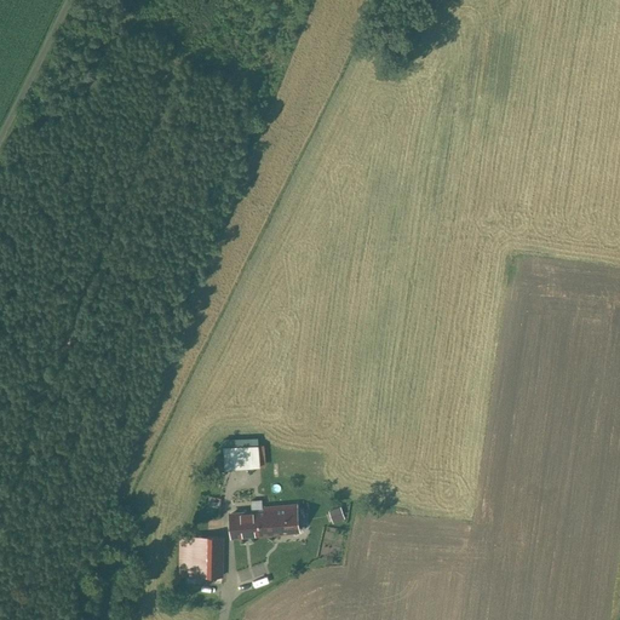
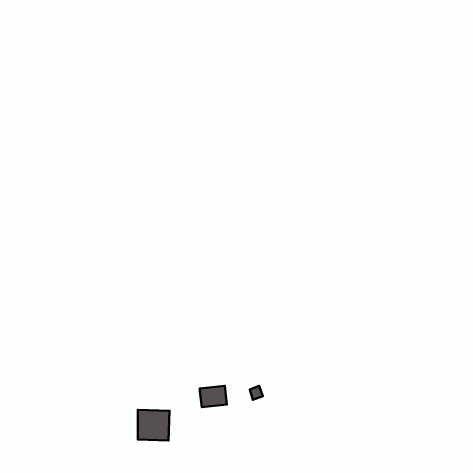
building: [224,447,258,470] -> none
building: [231,512,264,536] -> none

